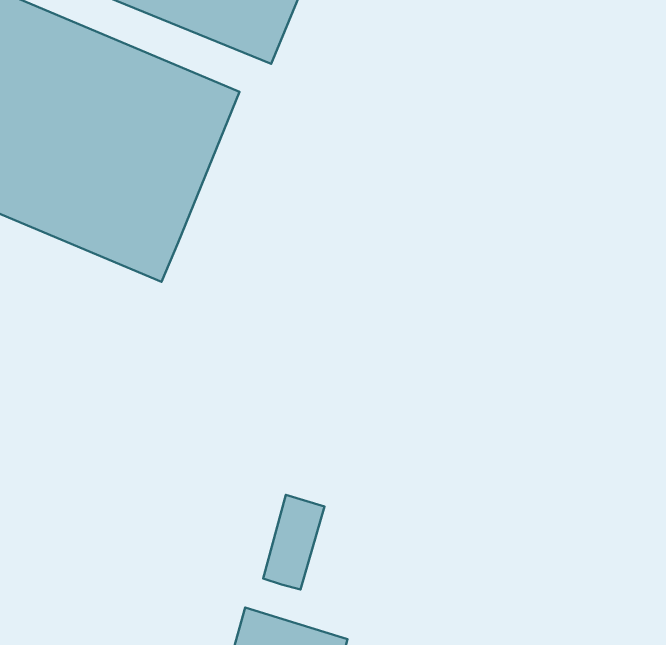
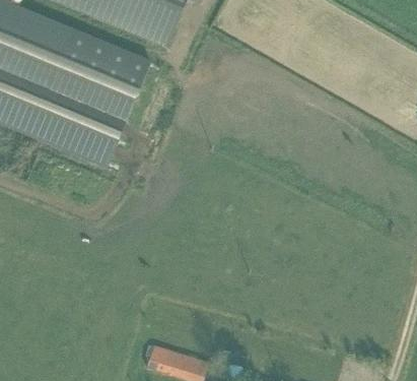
building: [263,495,325,589] -> none

